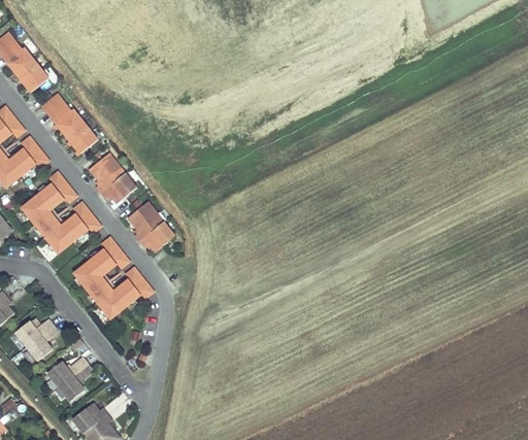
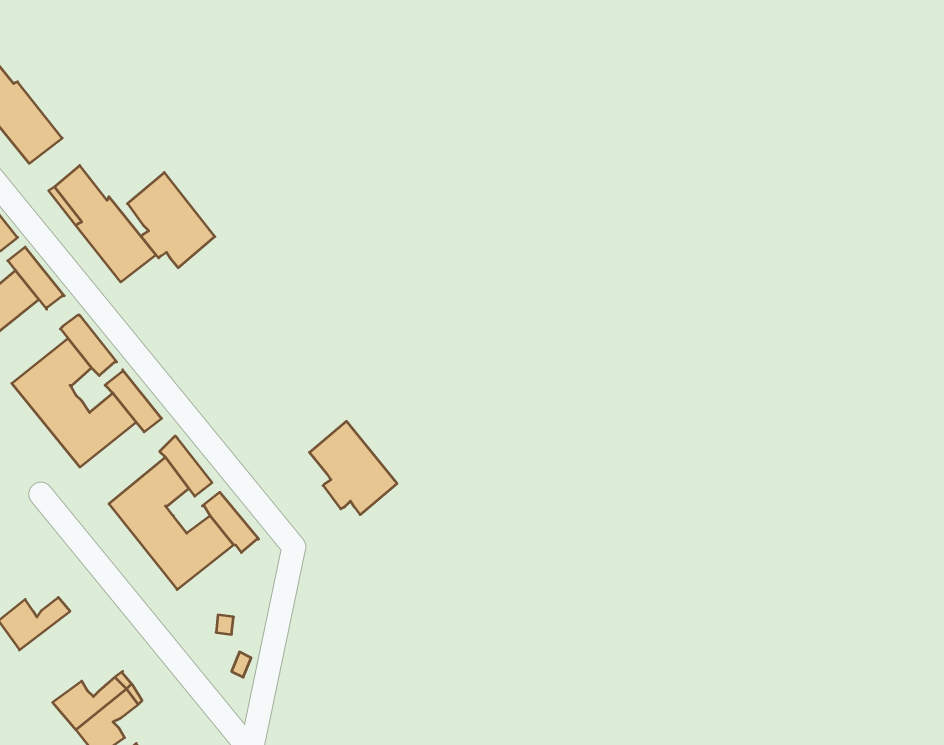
building: [90,153,136,203] -> [127,172,215,268]
building: [128,200,174,249] -> [309,421,397,515]
building: [26,328,58,363] -> none

